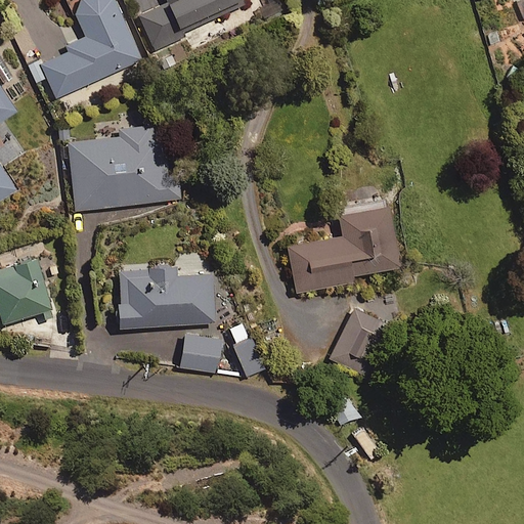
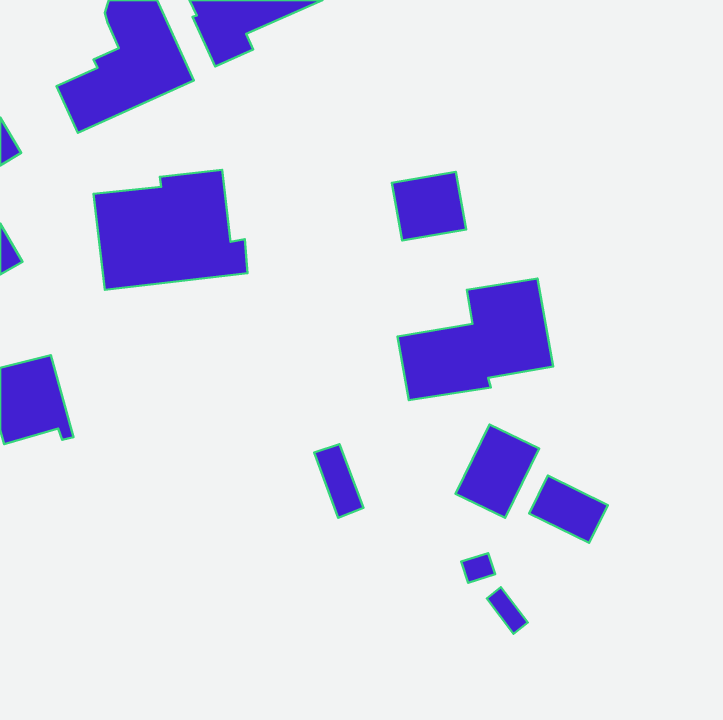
building: none -> [392,172,466,241]
building: [118,268,215,328] -> none
building: [180,337,221,373] -> none
building: none -> [529,476,608,543]

